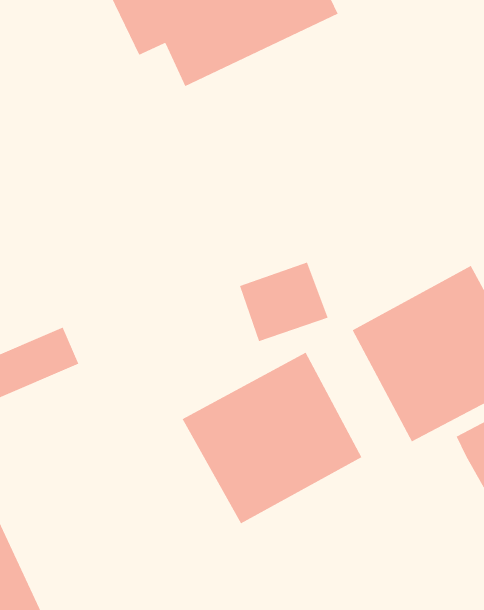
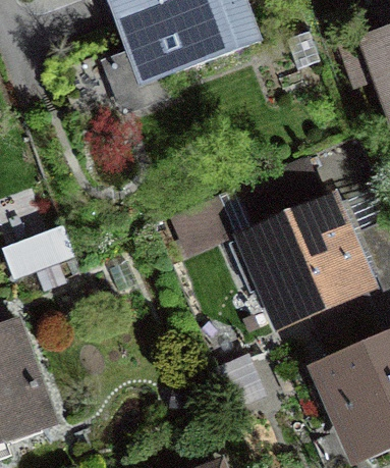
building: [182,352,362,524] -> none

